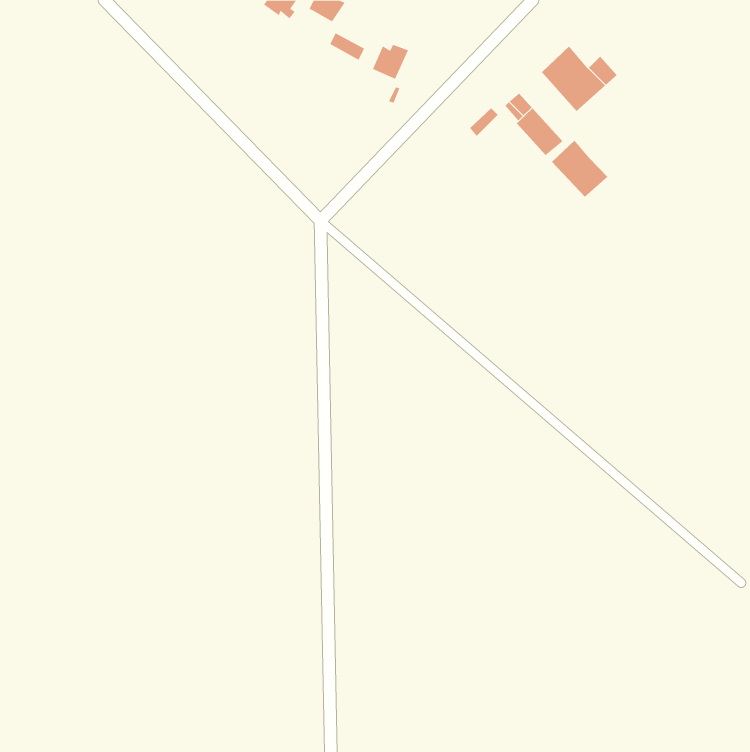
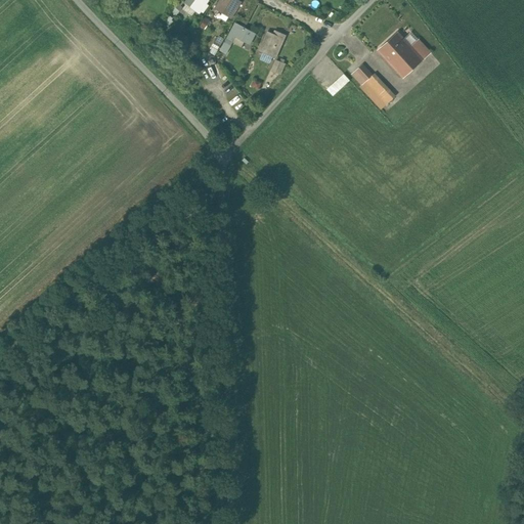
building: [551,140,608,197] -> none

